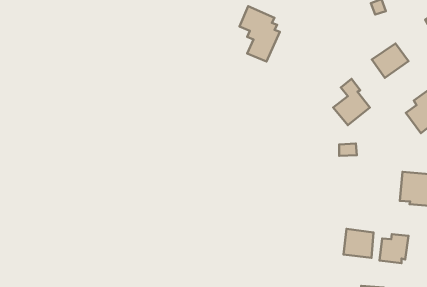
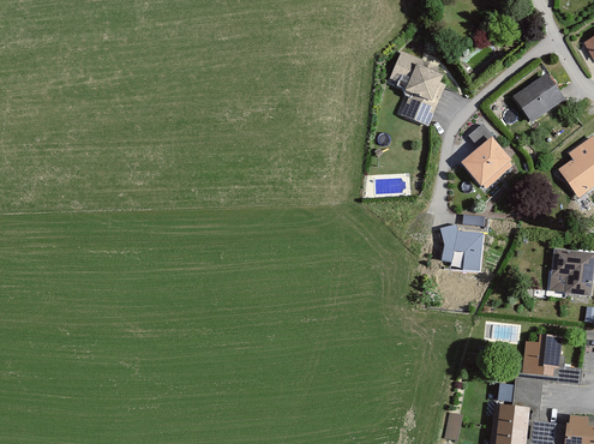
building: [239,6,280,62] -> [390,50,445,126]
building: none -> [439,223,482,271]
building: [343,229,374,258] -> none

